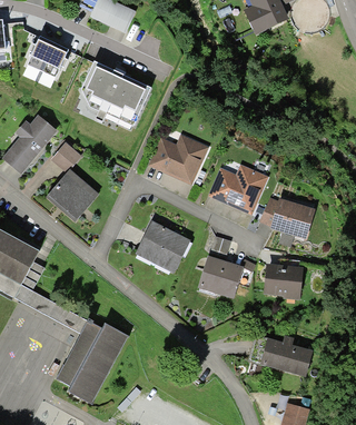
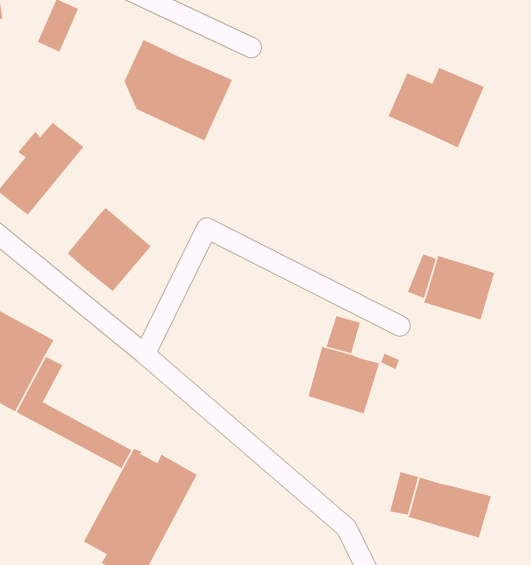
building: [41,43,68,77] -> none
building: [147,135,208,185] -> none
building: [50,141,80,172] -> none
building: [207,164,268,215] -> [387,67,485,148]
building: [135,220,190,273] -> none
building: [263,264,303,299] -> none

